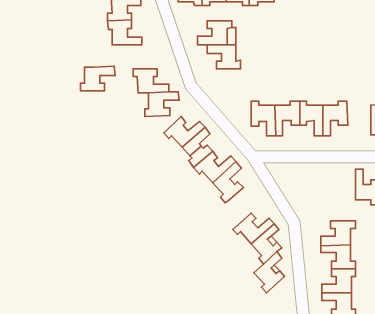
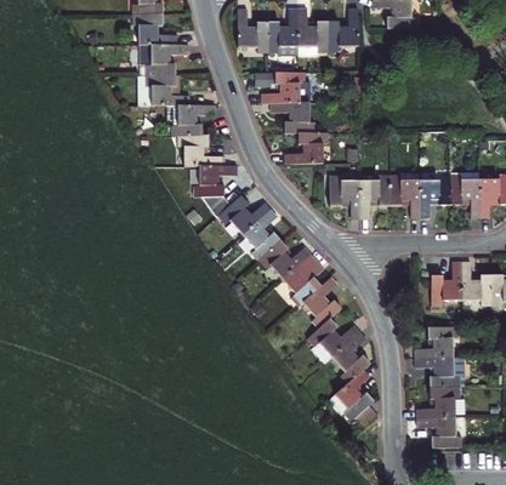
building: [81,66,115,91] -> [174,102,217,133]
building: none -> [284,133,328,165]
building: none -> [450,175,481,217]
building: none -> [430,261,461,306]
building: none -> [300,274,339,327]

